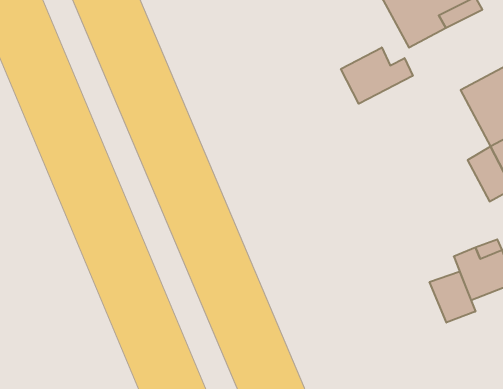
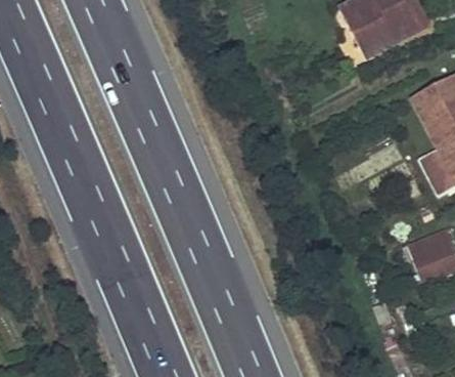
building: [341,47,413,104] -> none
building: [430,271,475,323] -> none

